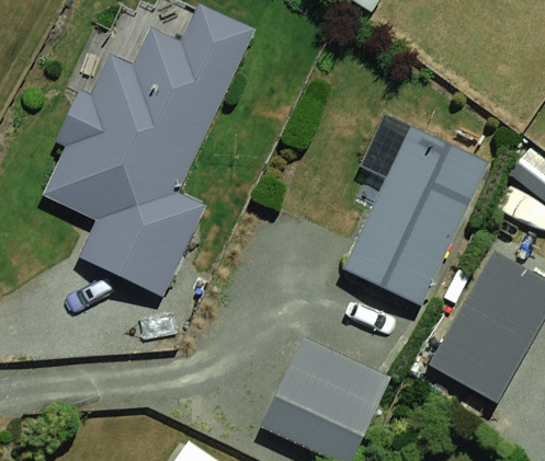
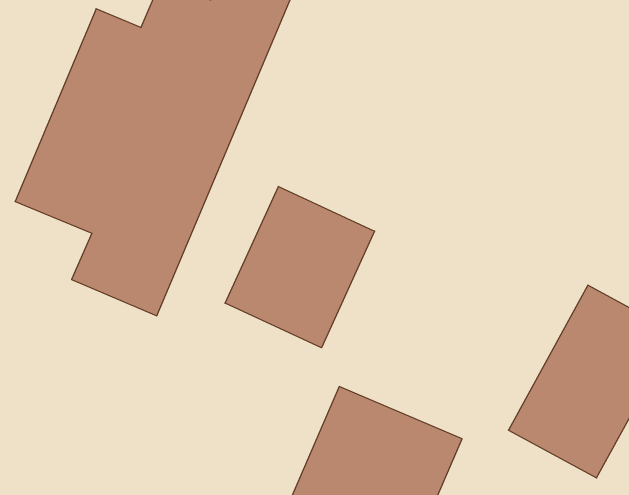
building: [343,135,491,309] -> none
building: none -> [225,186,375,348]

